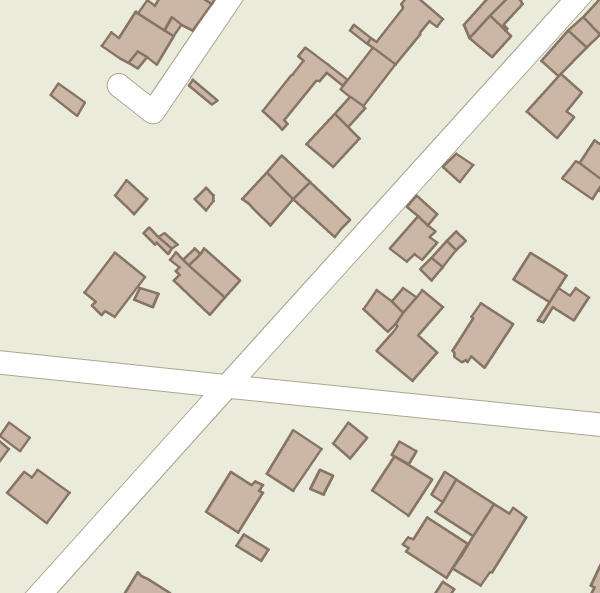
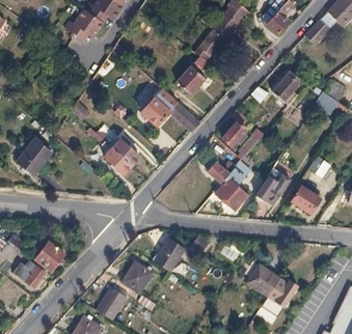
building: [263,48,348,130] -> none
building: [527,74,582,138] -> [271,71,301,106]
building: [84,253,145,317] -> [17,139,50,174]
building: [513,253,567,302] -> [291,187,320,214]
building: none -> [35,243,63,272]
building: [372,456,432,516] -> none
building: [403,517,468,578] -> none
building: none -> [96,287,127,321]

